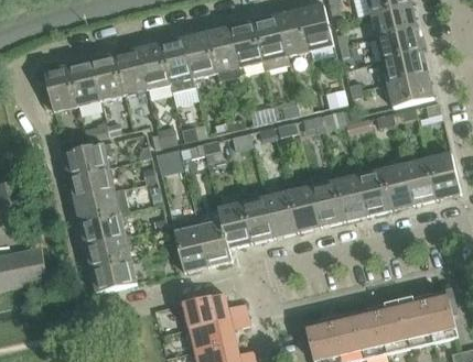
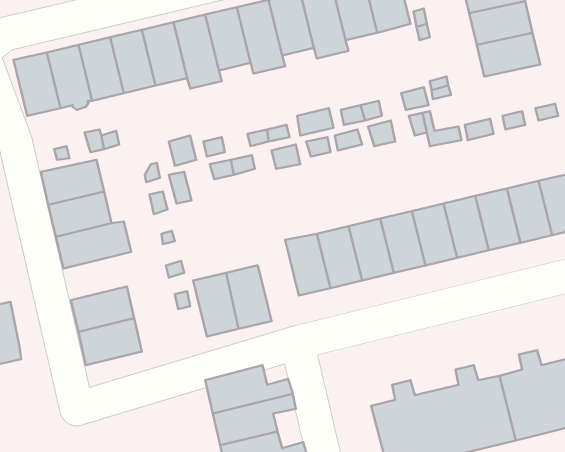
building: [387,74,433,107] -> none
building: [217,201,251,248] -> none
building: [79,212,126,245] -> none

